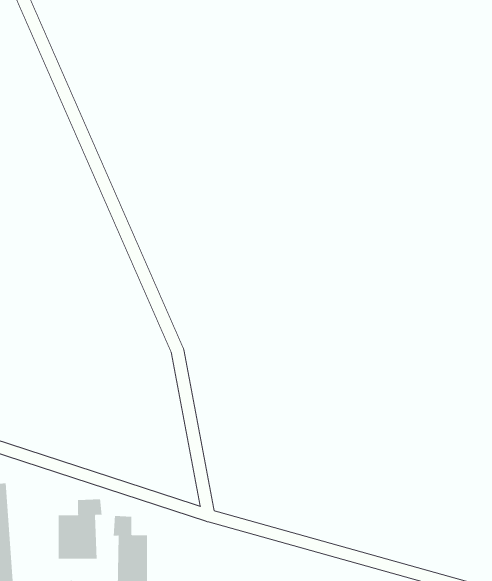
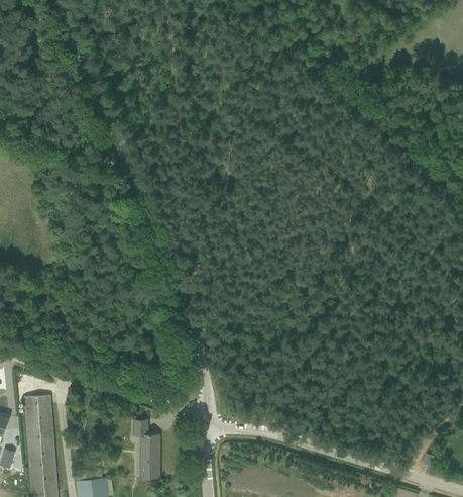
building: [58,498,102,560] -> none

